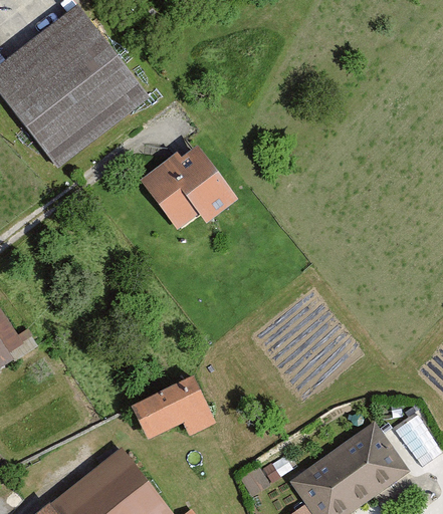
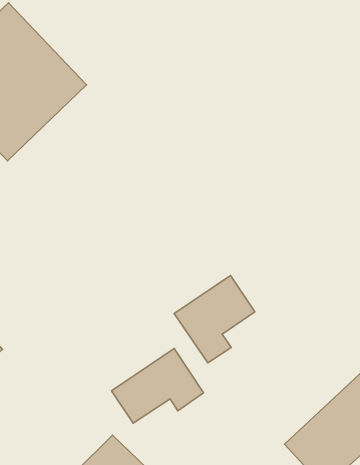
building: [140,144,234,239] -> none
building: none -> [174,275,255,363]

